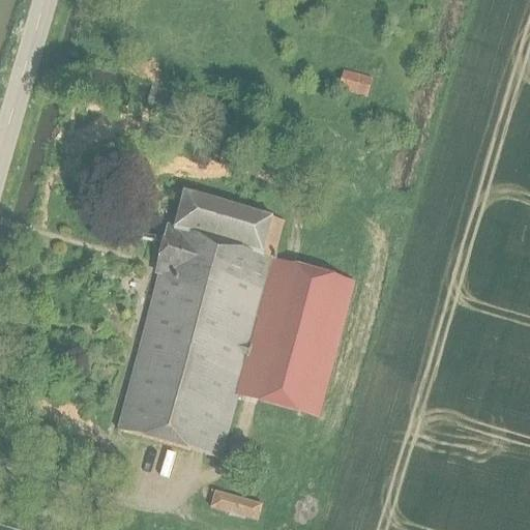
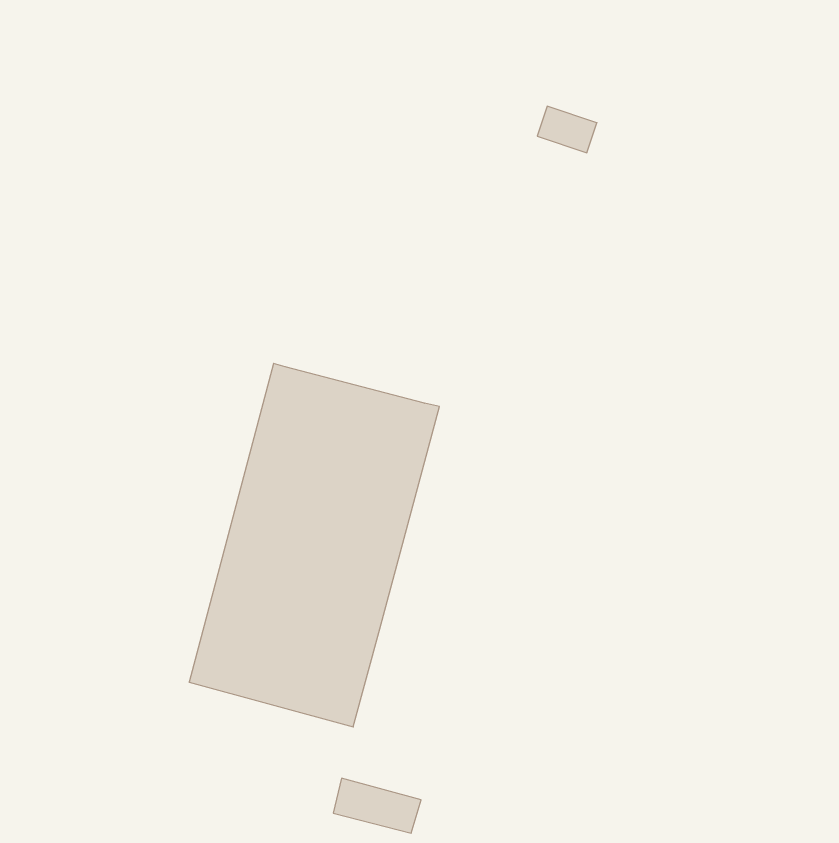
building: [178,192,274,252] -> none
building: [237,254,354,414] -> none

